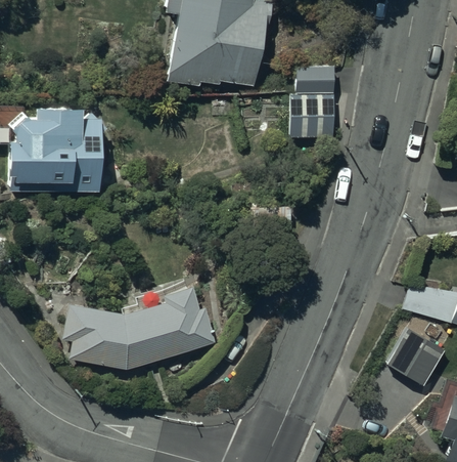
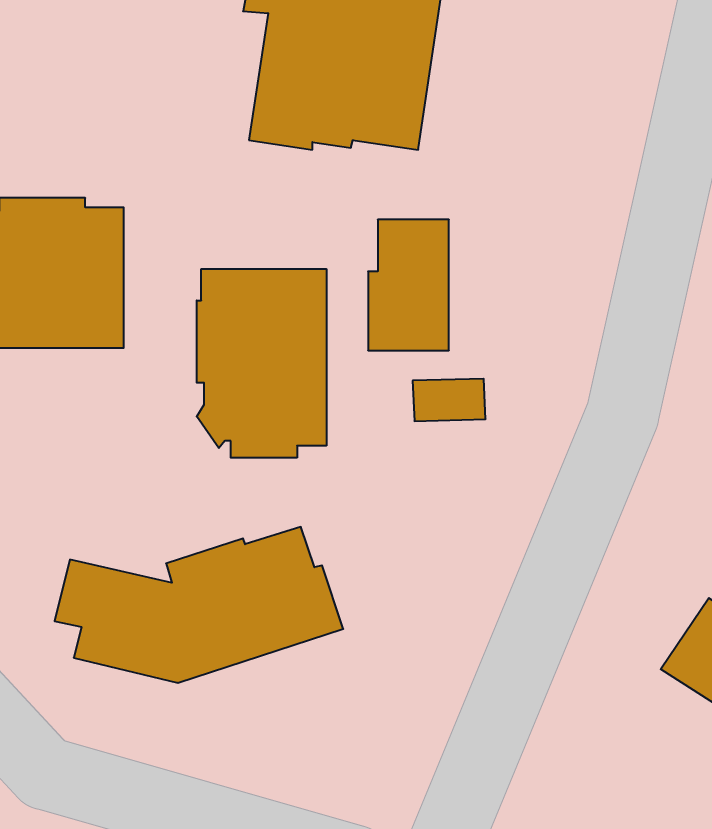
building: [291,67,334,136] -> [368,220,449,350]
building: none -> [197,269,326,458]

